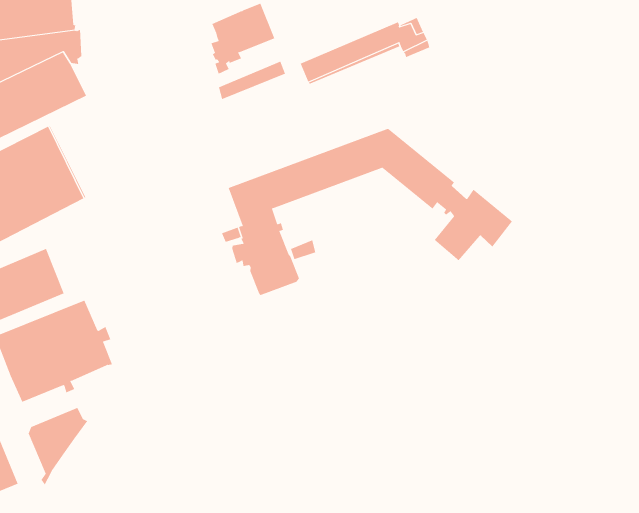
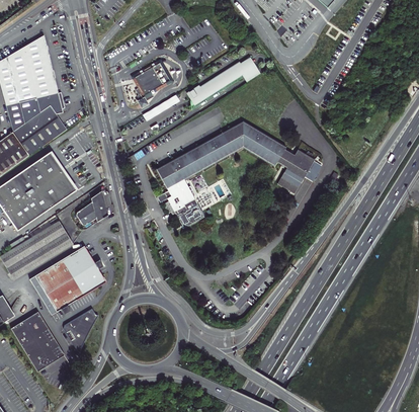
building: none -> [75,190,108,225]

